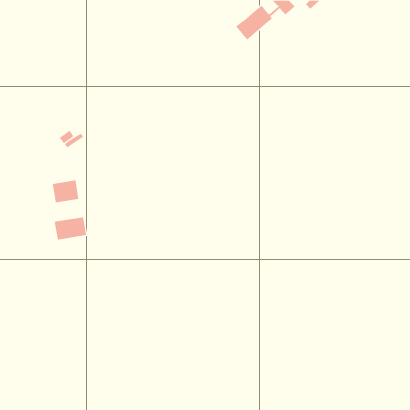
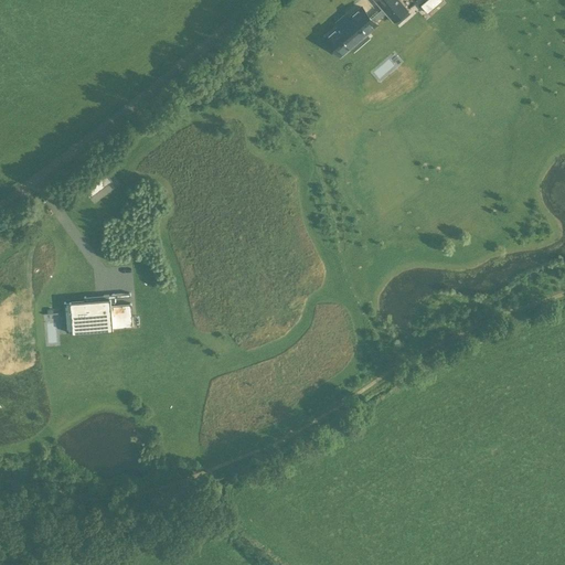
building: [52,180,79,203] -> none

